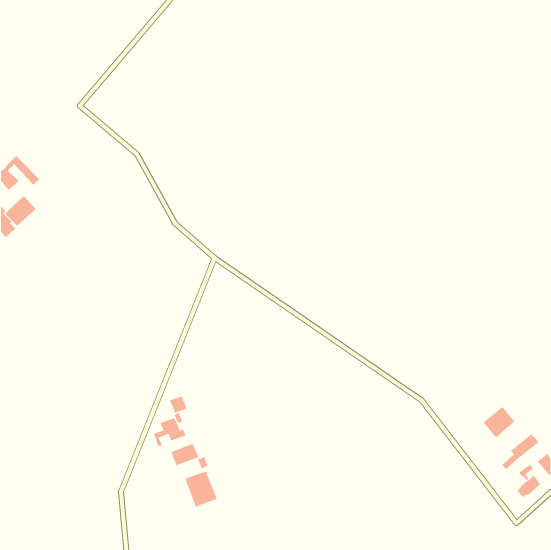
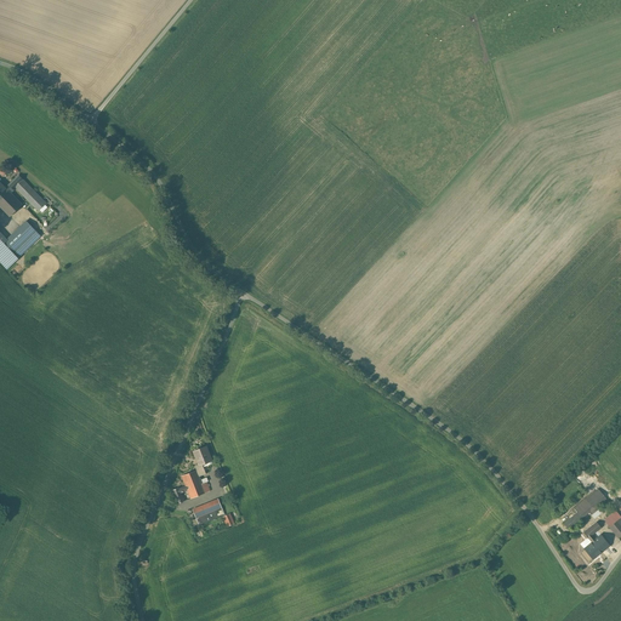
building: [483,406,515,438] -> none
building: [185,471,218,507] -> none

